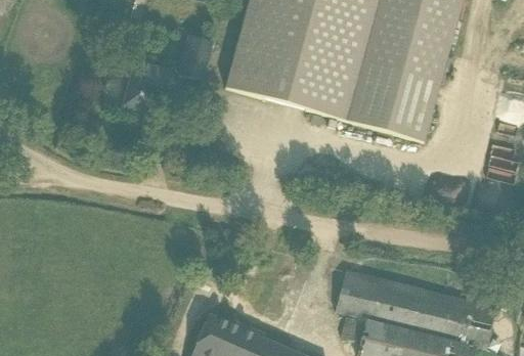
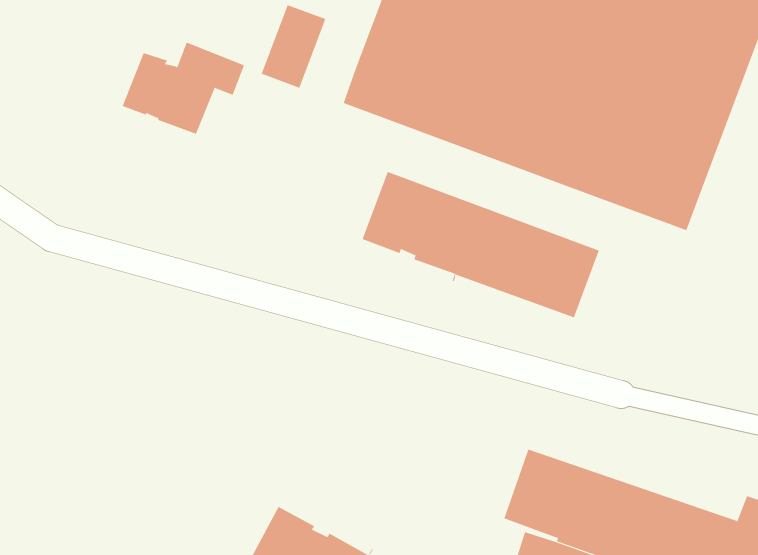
building: none -> [362,171,600,318]

